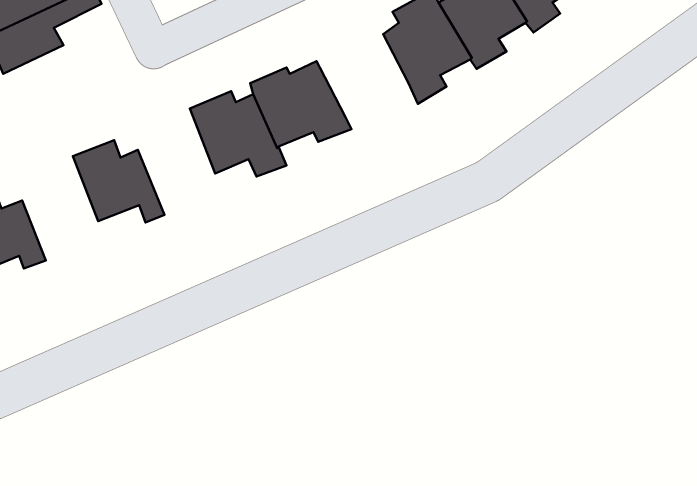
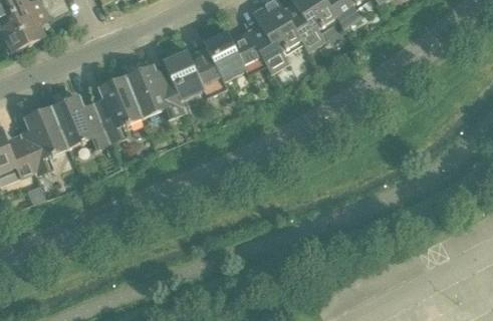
building: none -> [203,29,263,81]
building: none -> [91,76,141,143]
building: none -> [18,106,66,176]

